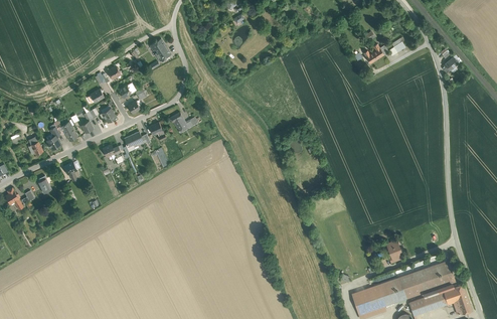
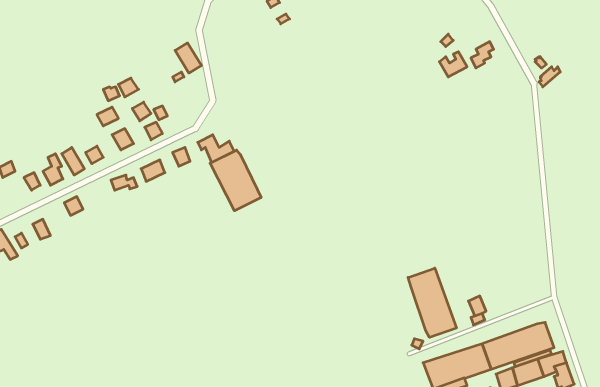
building: none -> [210,150,261,211]
building: none -> [408,268,456,337]

